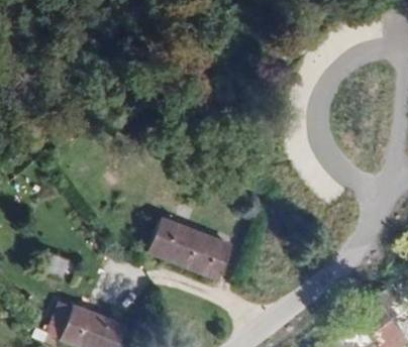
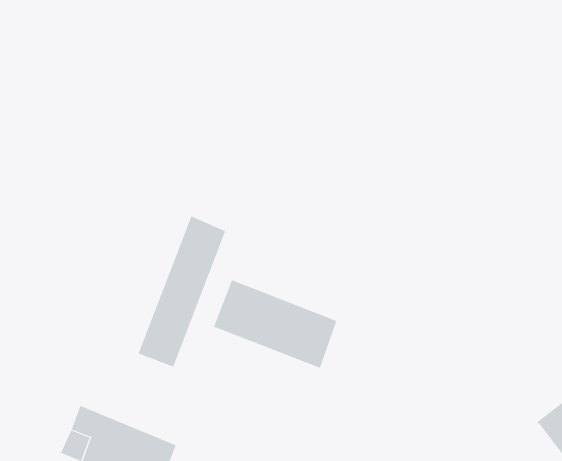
building: none -> [138,215,226,368]

